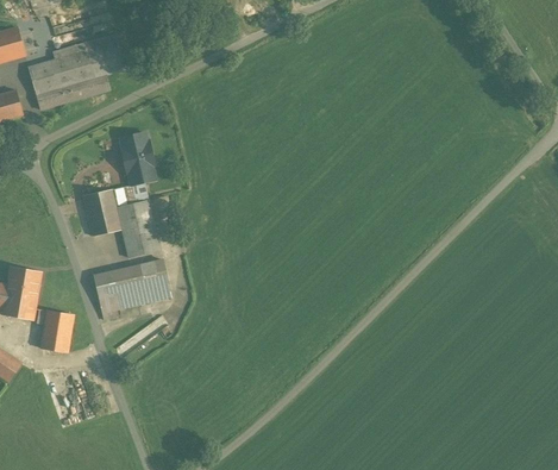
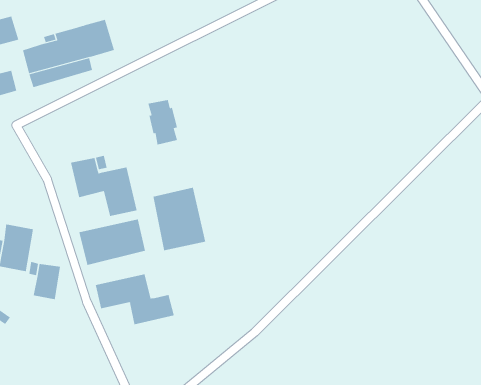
building: [120,132,155,184] -> [148,99,178,145]
building: none -> [153,187,206,251]
building: none -> [95,273,175,325]

